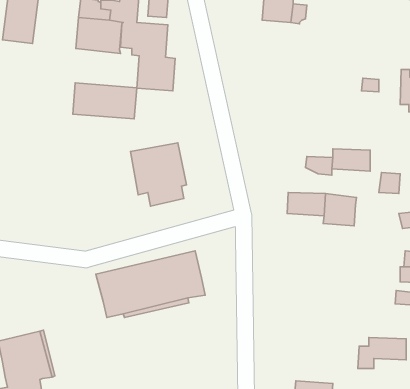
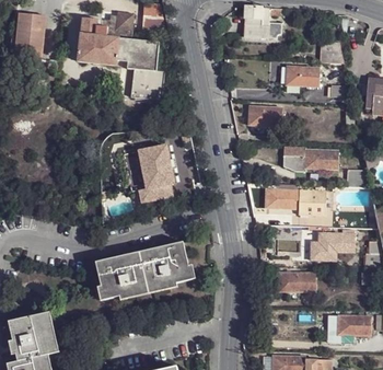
building: none -> [320,42,343,66]
building: none -> [285,67,320,89]
building: [73,83,137,119] -> none
building: none -> [247,106,281,127]
building: none -> [293,233,353,261]
building: none -> [277,273,314,292]

